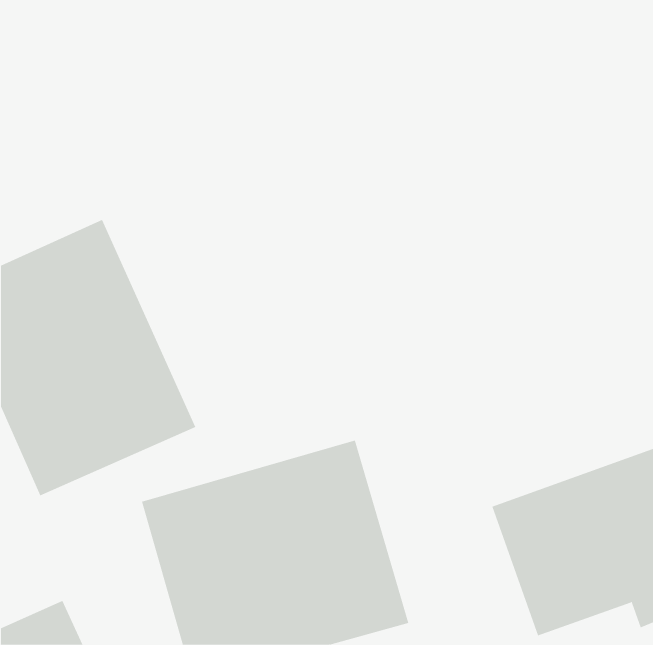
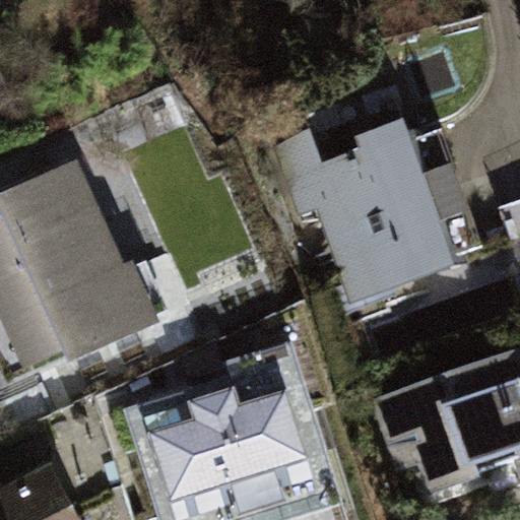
building: none -> [295,112,471,291]

